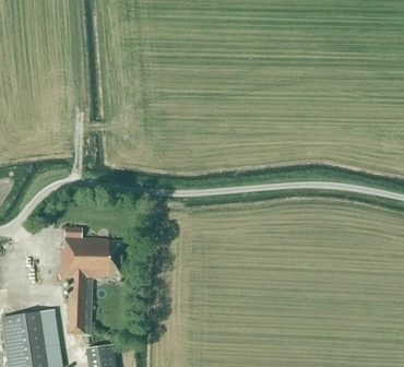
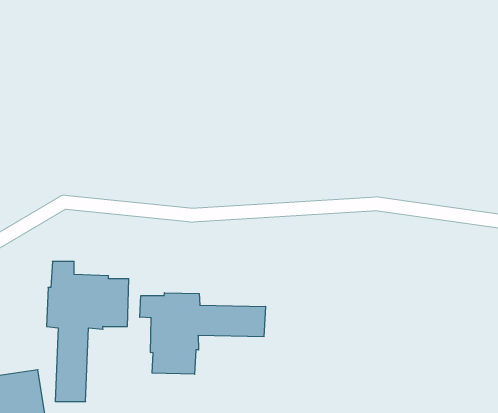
building: none -> [140,293,266,374]

